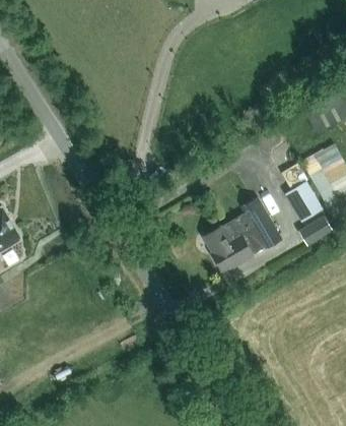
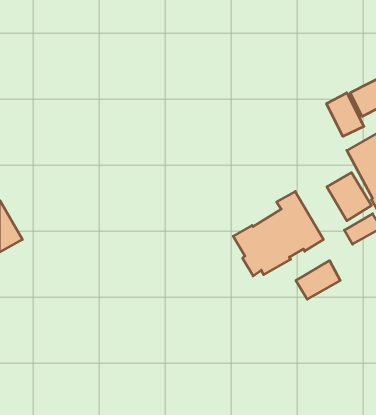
building: none -> [327,93,364,136]
building: none -> [296,261,340,299]

